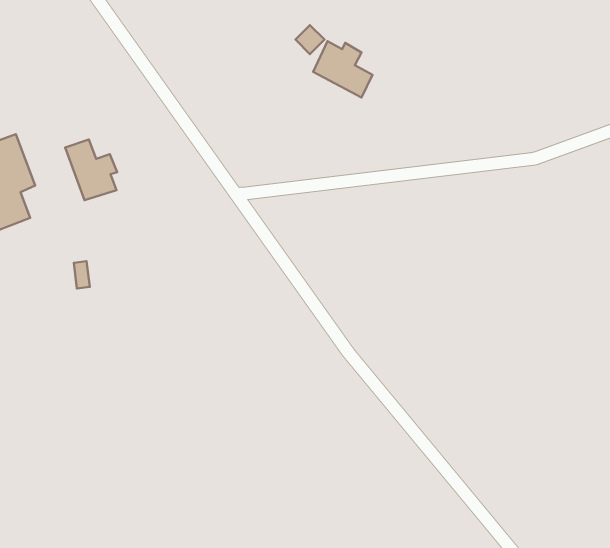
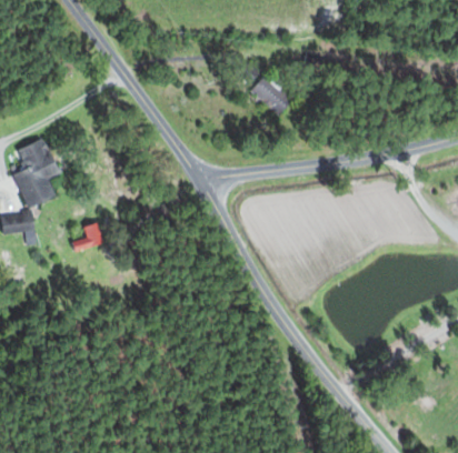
building: [65,139,117,200] -> none

